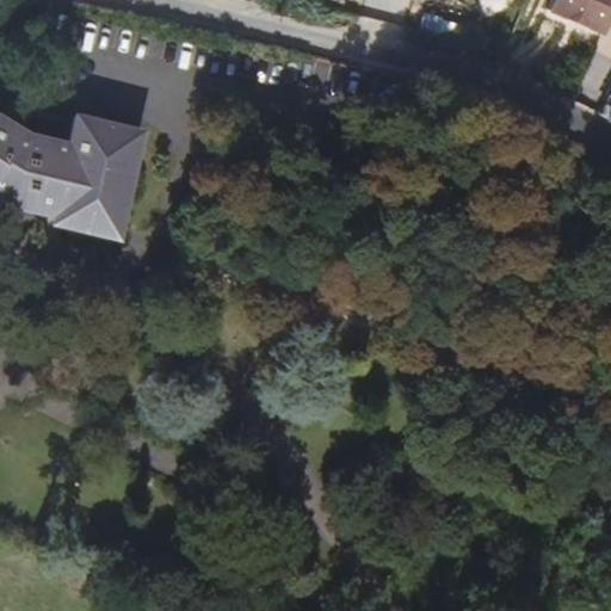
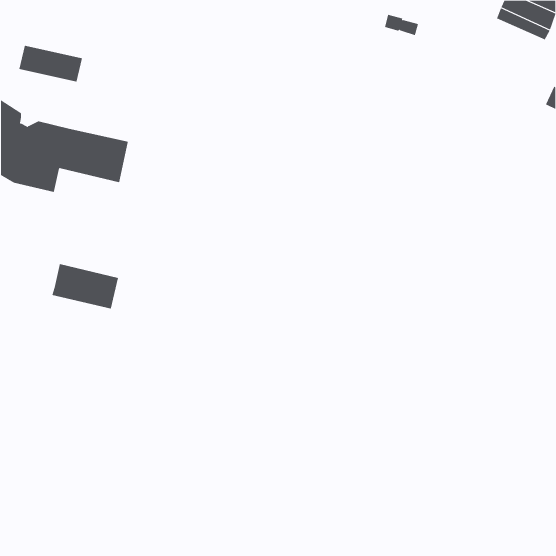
building: [76,115,147,155] -> [19,45,83,82]
building: [57,185,131,235] -> [52,264,119,309]

